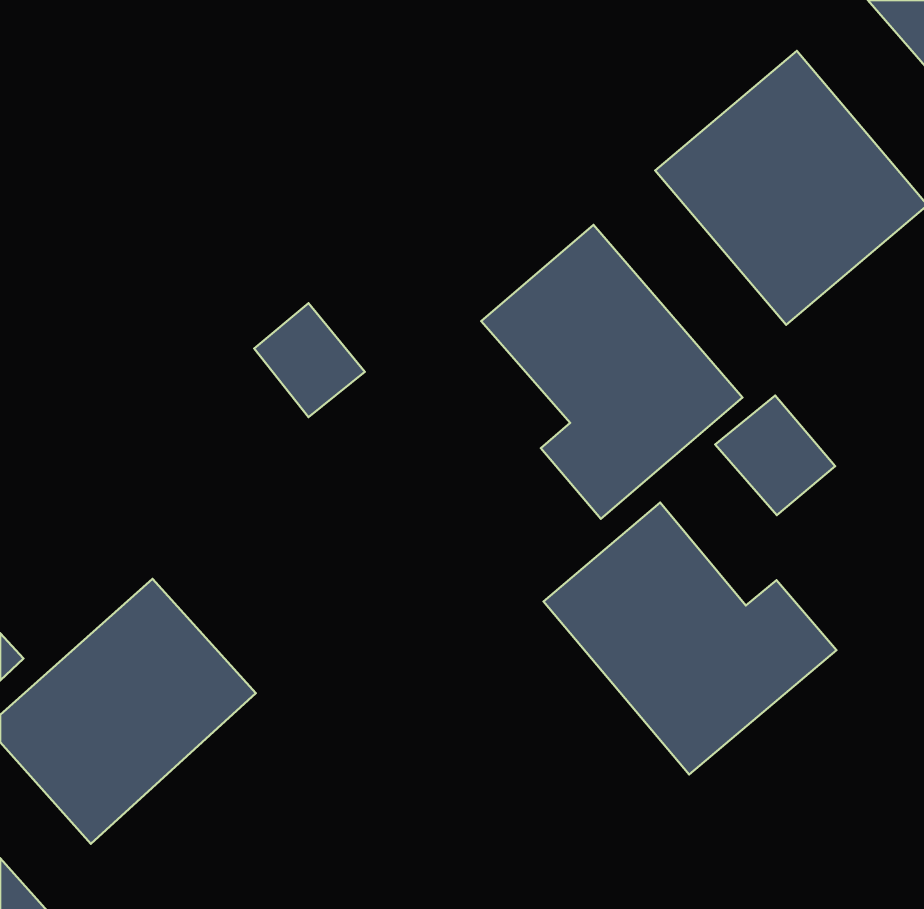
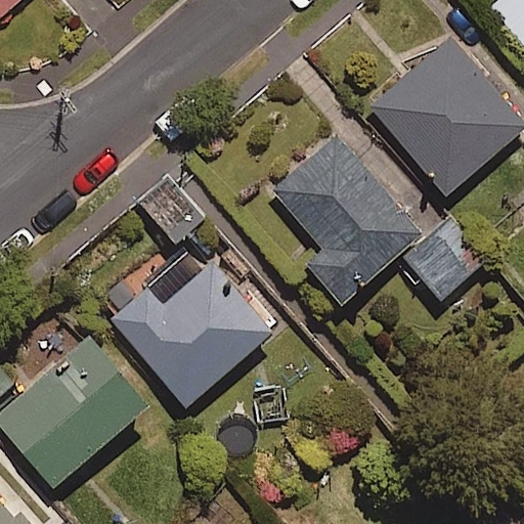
building: none -> [106,257,273,407]
building: [544,502,836,774] -> none

